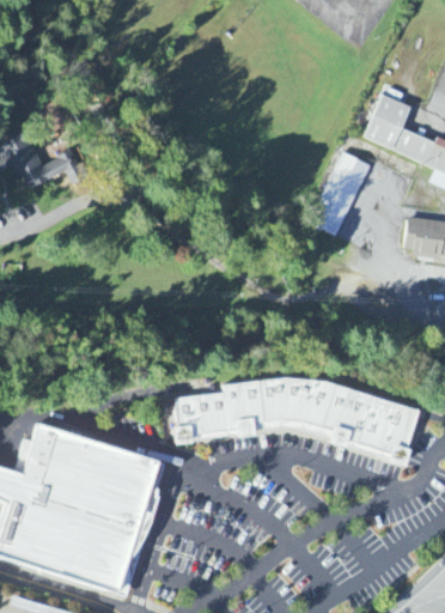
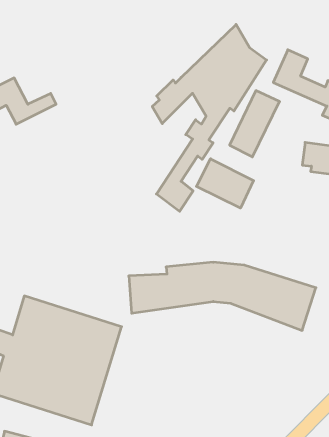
building: none -> [152,24,267,211]
building: none -> [196,159,254,208]

